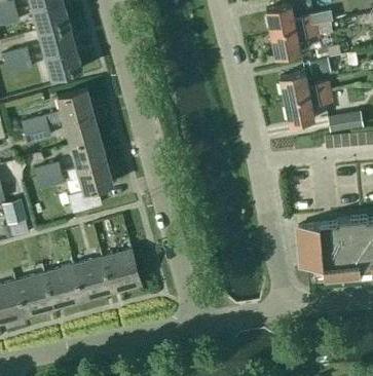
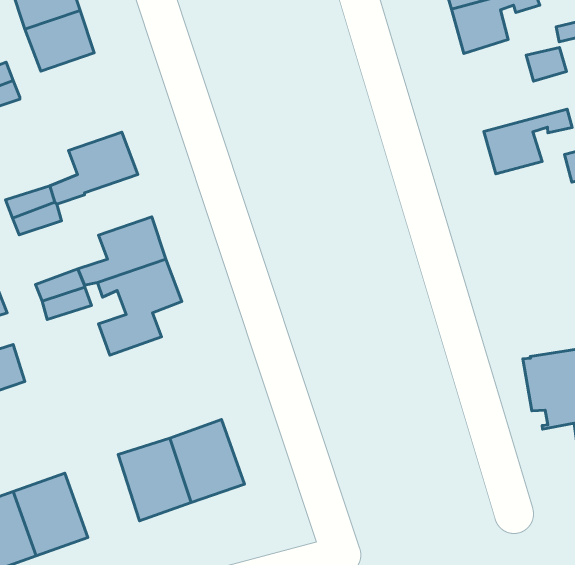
building: [44,45,81,78] -> none
building: [279,72,330,102] -> none
building: [64,113,100,145] -> none
building: [43,265,82,309] -> none

